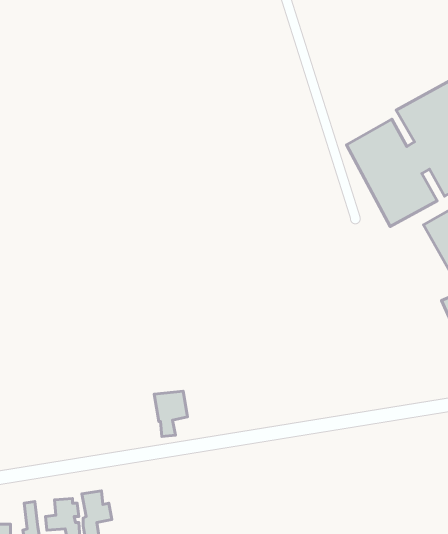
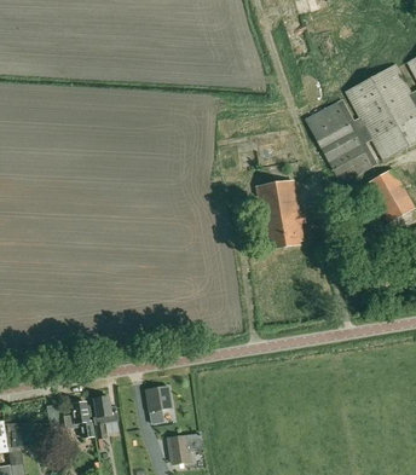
building: none -> [256,180,302,248]
building: [154,391,188,437] -> [145,386,172,422]

